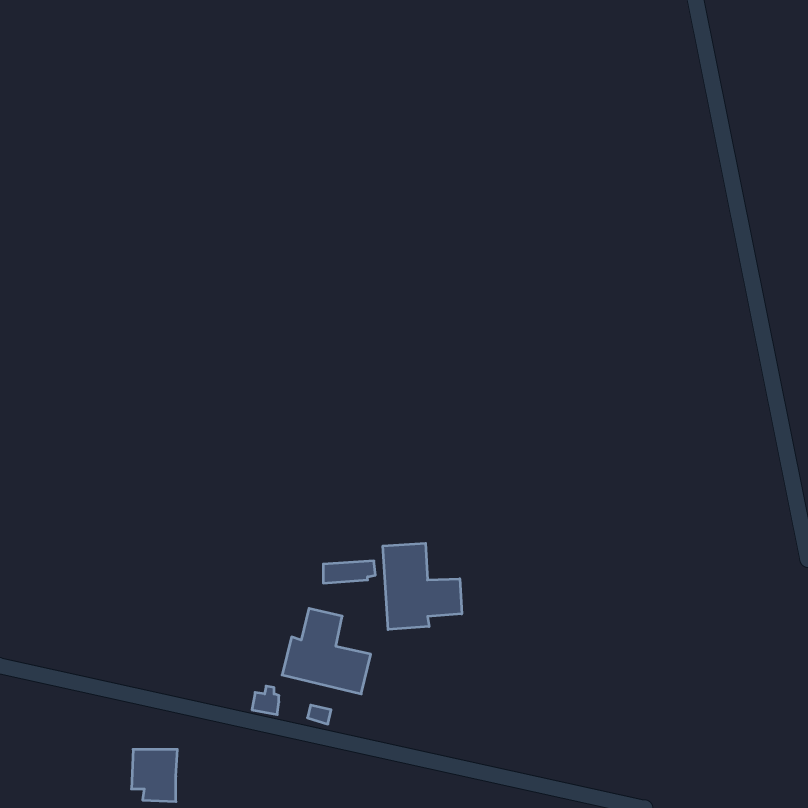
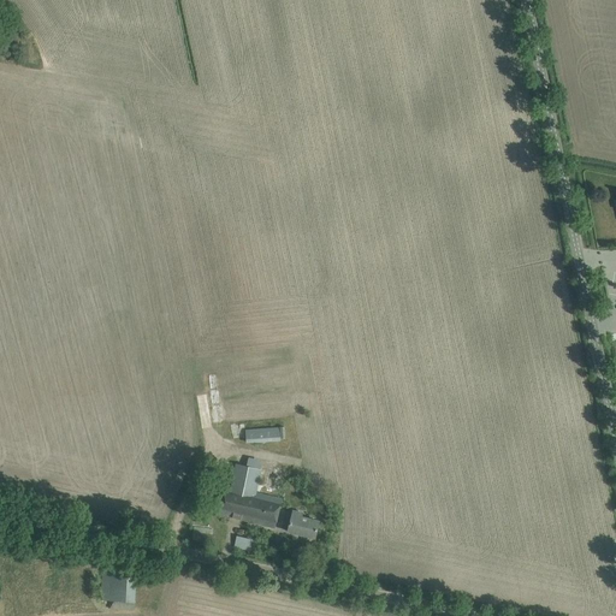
building: [383,543,462,630] -> none
building: none -> [288,508,319,537]

